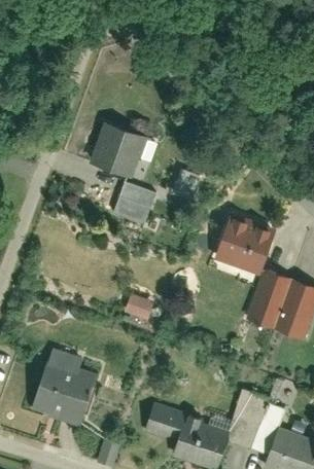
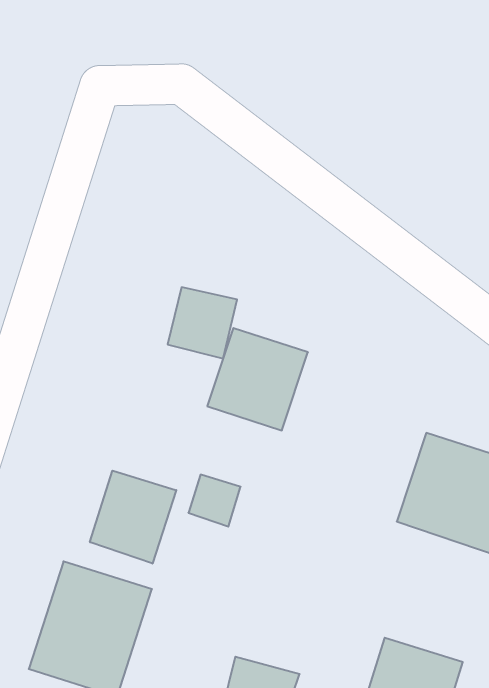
building: [89,120,148,182] -> none
building: [213,214,273,275] -> [207,328,308,430]
building: none -> [90,471,176,564]

